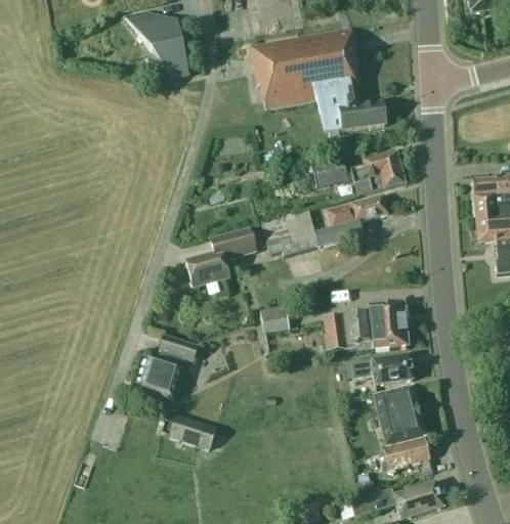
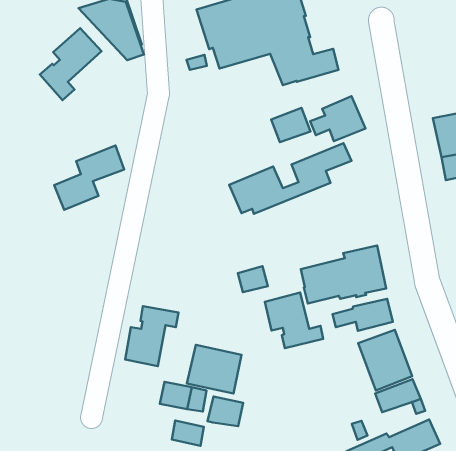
building: none -> [40,28,102,100]
building: [184,226,256,285] -> [54,146,124,210]
building: none -> [265,292,323,348]
building: none -> [187,345,242,394]
building: none -> [207,396,243,426]
building: none -> [172,421,204,446]

